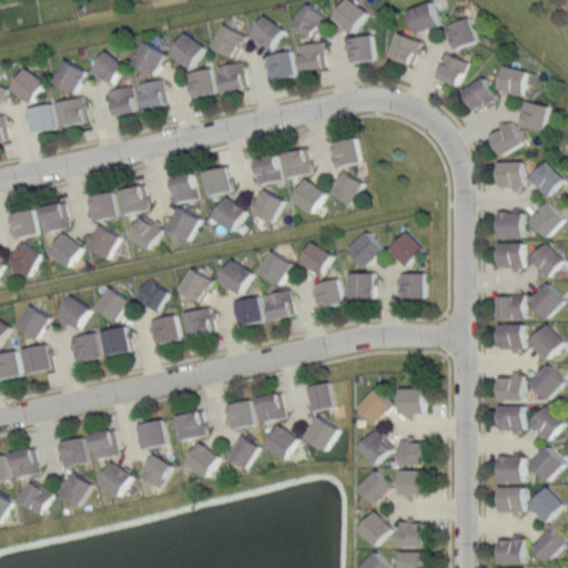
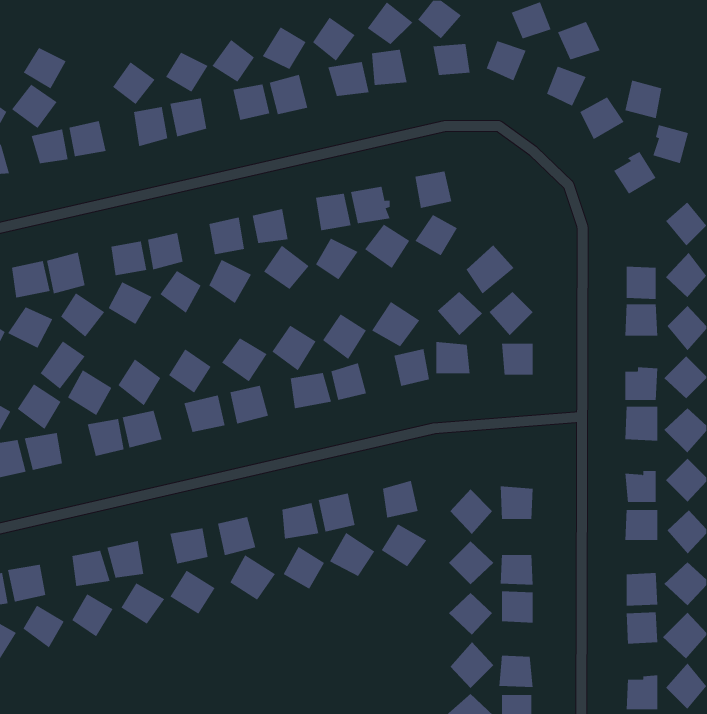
building: [51,60,85,93] -> [23,47,66,89]
building: [495,161,520,186] -> none
building: none -> [466,244,514,294]
building: none -> [40,340,86,390]

